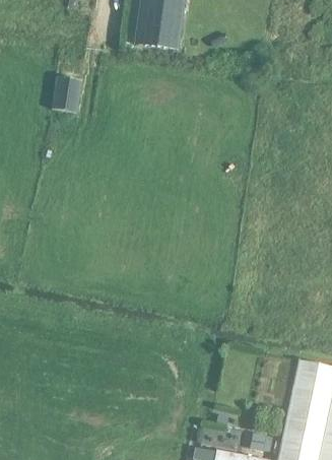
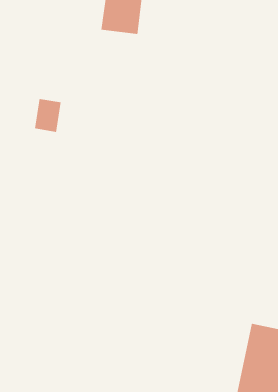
building: [51,76,80,113] -> [34,98,61,132]

